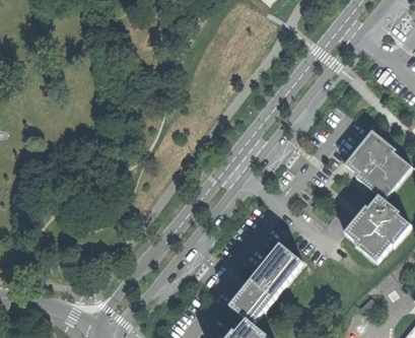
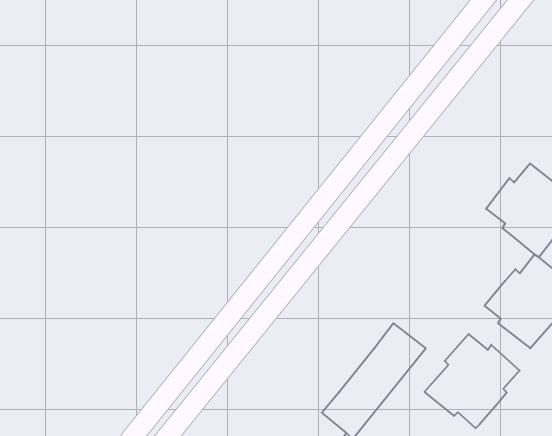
building: none -> [425,334,520,428]

